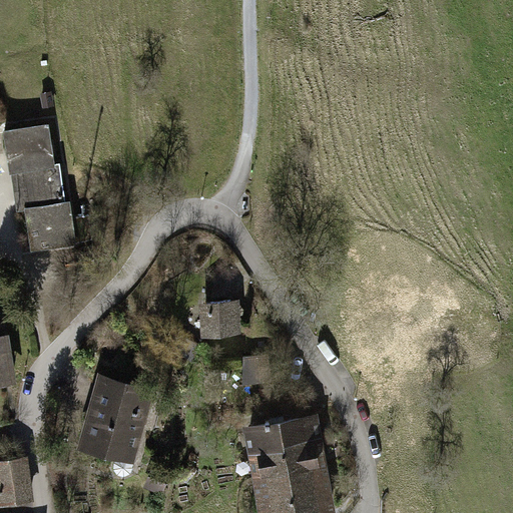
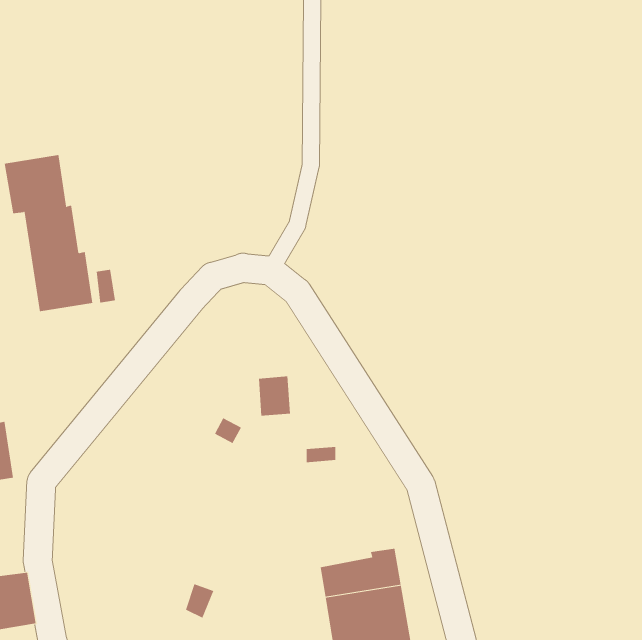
building: [81,380,149,476] -> none
building: [250,418,315,454] -> none

